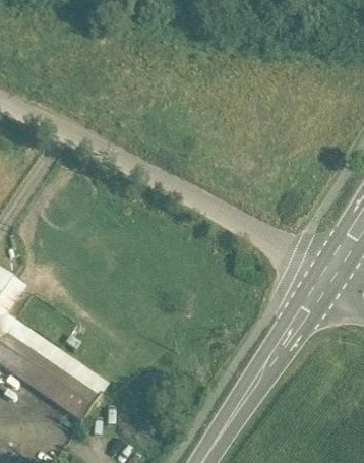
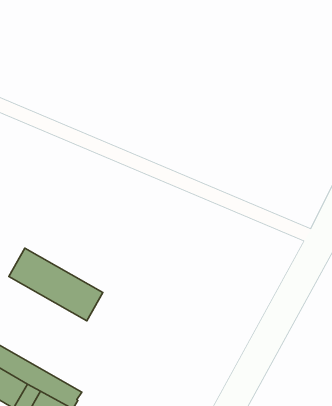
building: none -> [9,248,103,321]

